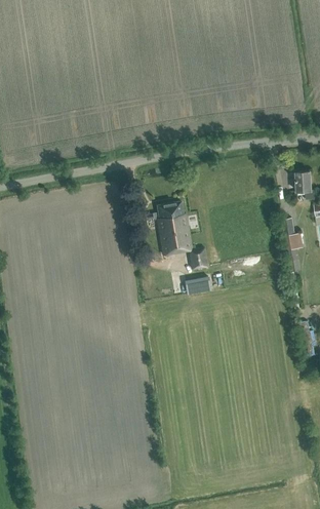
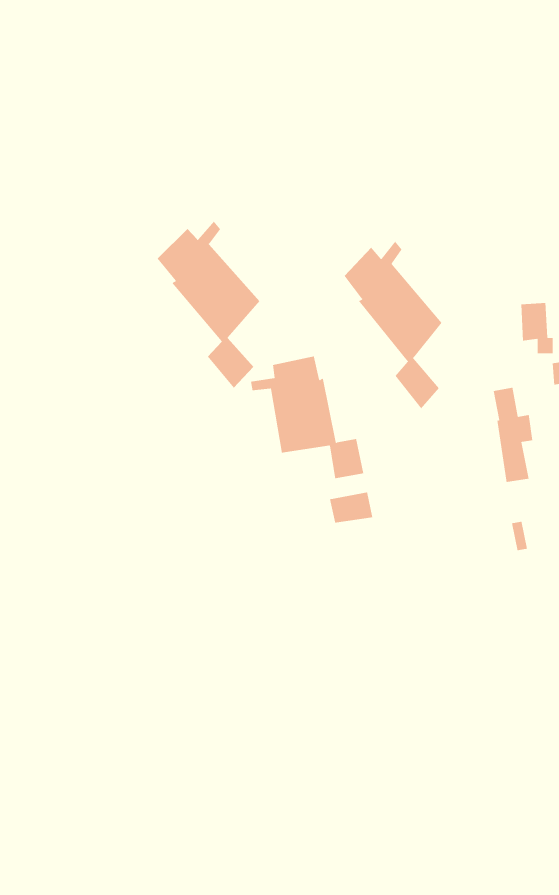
building: none -> [157,221,260,389]
building: none -> [344,241,442,409]

